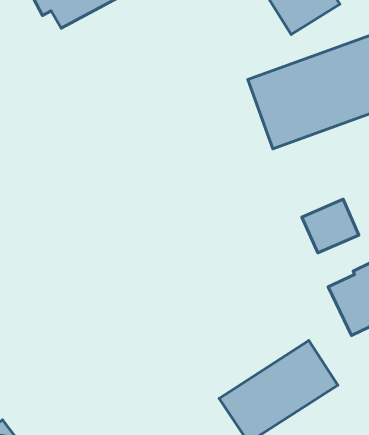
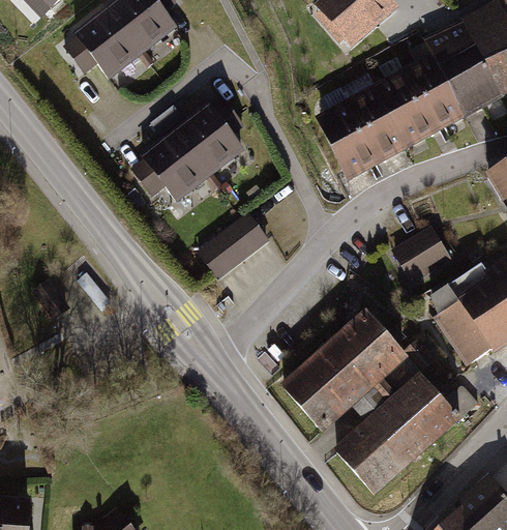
building: none -> [129,97,243,204]
building: none -> [196,211,268,278]
building: none -> [281,313,405,432]

